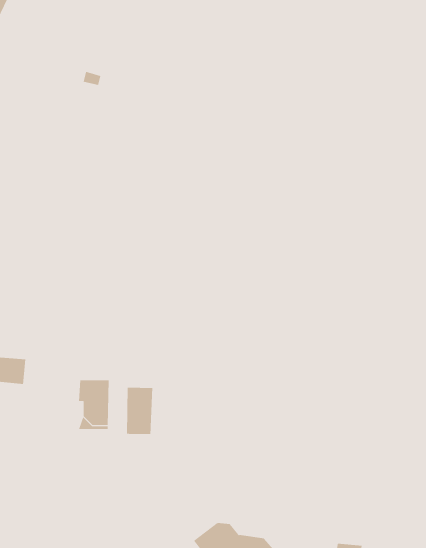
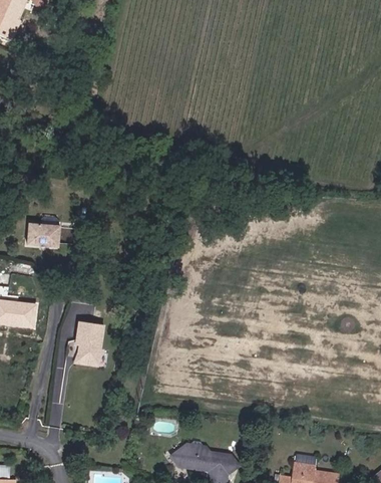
building: none -> [24,223,57,247]
building: [126,387,153,435] -> none

